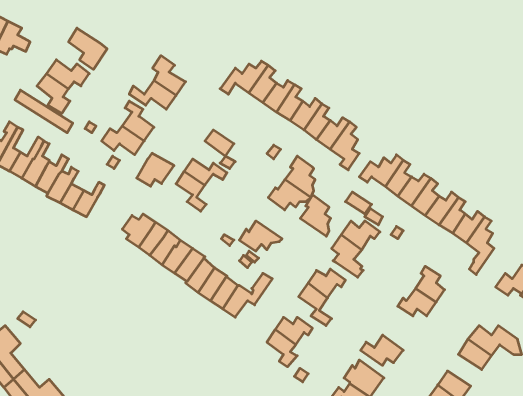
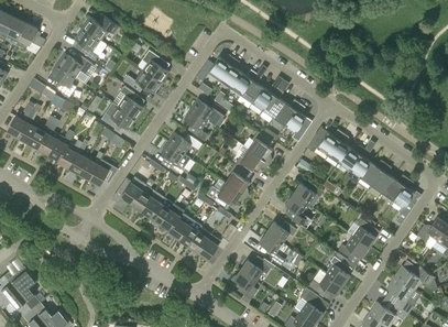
building: none -> [80,15,117,41]
building: none -> [189,100,225,127]
building: [137,153,174,186] -> [88,160,118,186]
building: [300,195,331,236] -> [223,164,248,197]
building: none -> [325,253,350,286]

